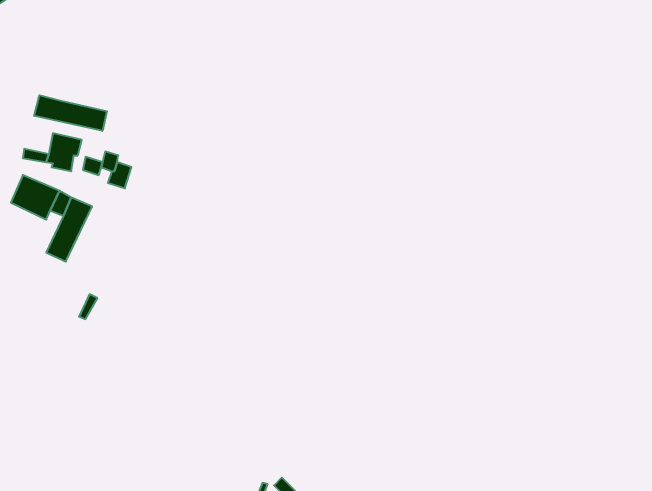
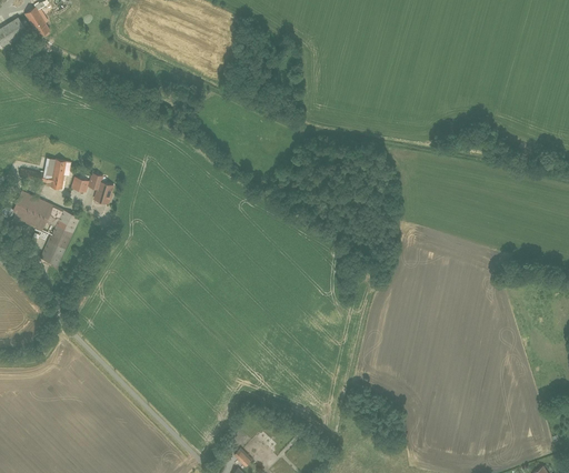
building: [34,95,107,131] -> none

